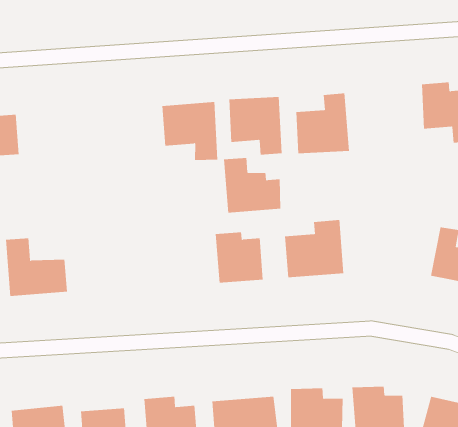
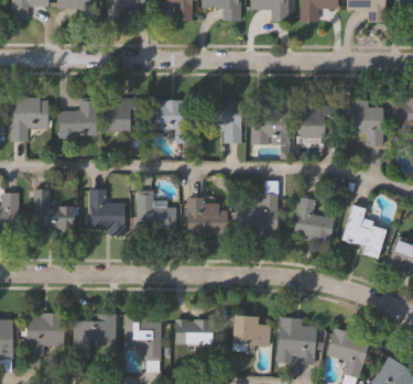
building: none -> [298,103,332,136]
building: none -> [104,98,144,129]
building: none -> [59,100,96,138]
building: [223,157,281,213] -> [137,189,177,229]
building: none -> [293,197,334,242]
building: none -> [89,189,126,233]

